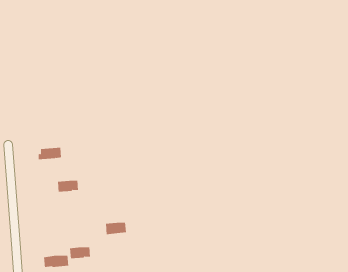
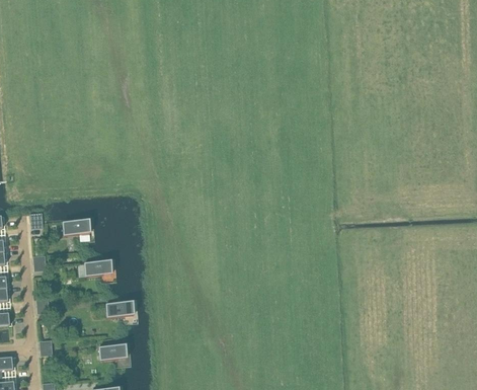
building: [105,222,127,235] -> [107,301,135,317]
building: [44,255,69,268] -> none

